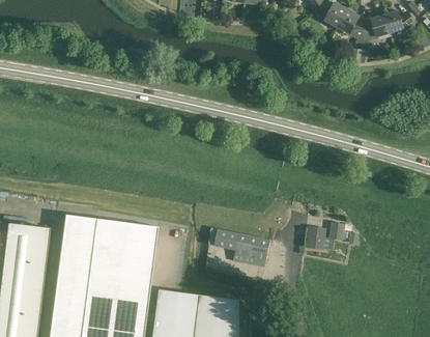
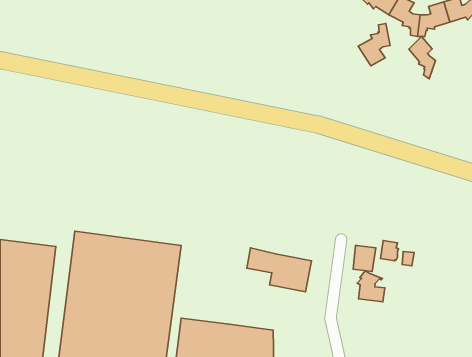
building: none -> [358,23,390,66]
building: none -> [409,36,436,79]
building: none -> [357,271,385,302]

